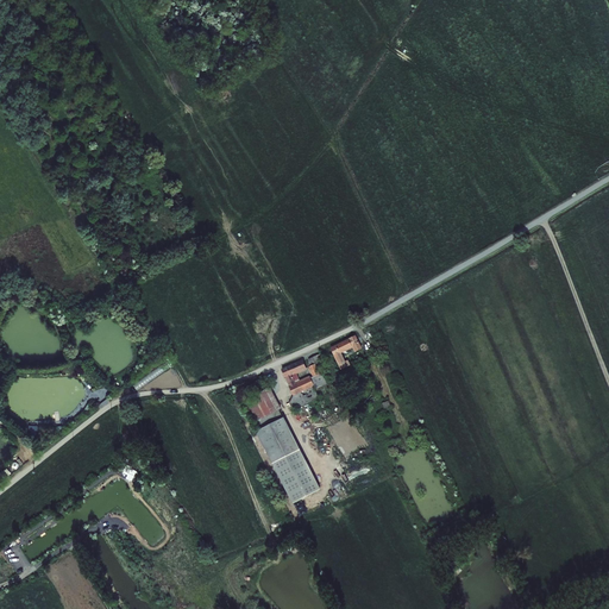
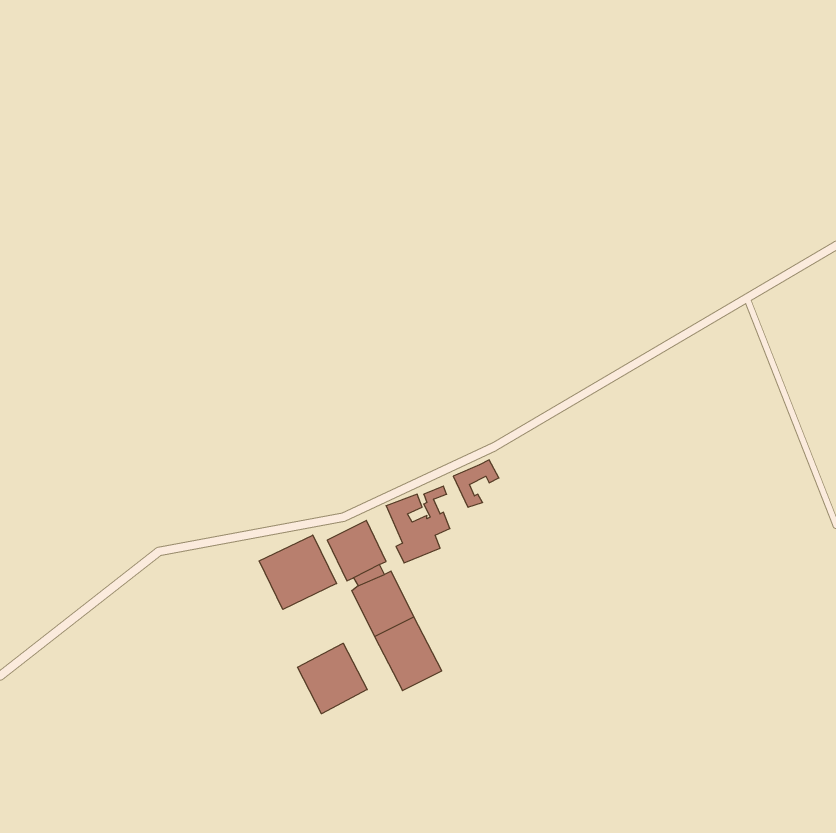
building: none -> [259,535,337,609]
building: none -> [298,643,367,714]

